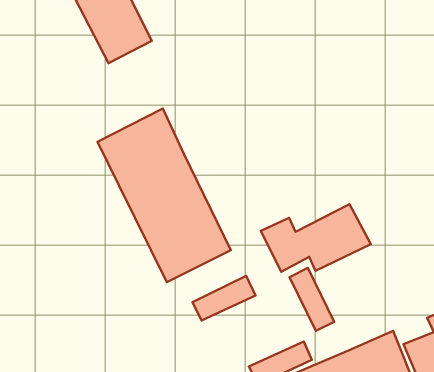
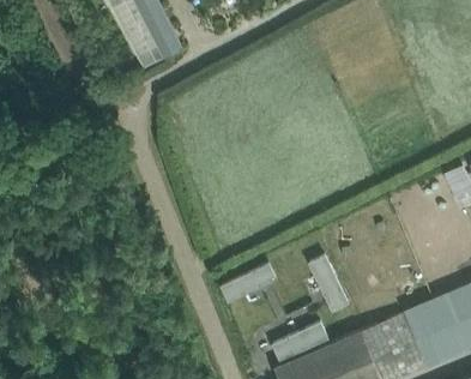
building: [98,108,231,282] -> none
building: [261,204,371,272] -> none

